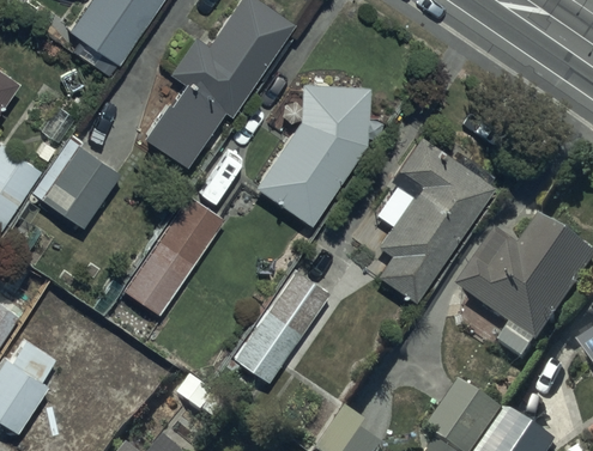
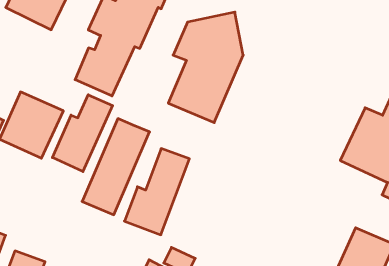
building: [376,138,496,303] -> none
building: none -> [52,95,113,172]
building: [230,272,326,380] -> [124,149,189,235]

